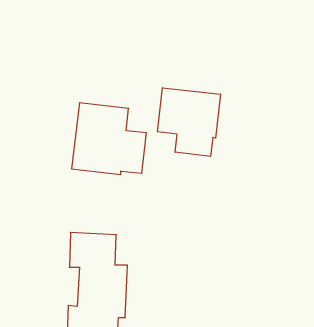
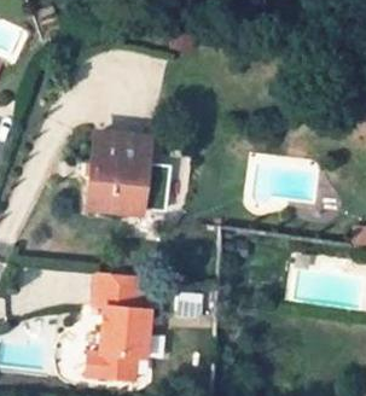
building: [157,88,221,156] -> none

